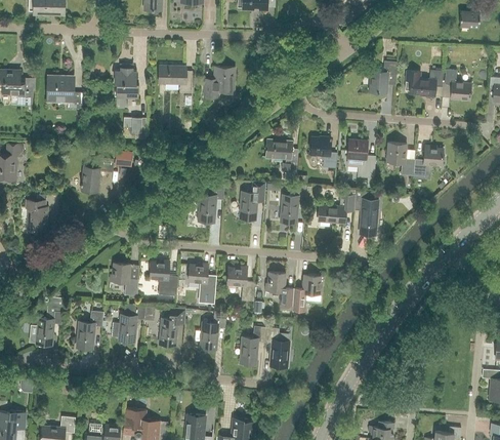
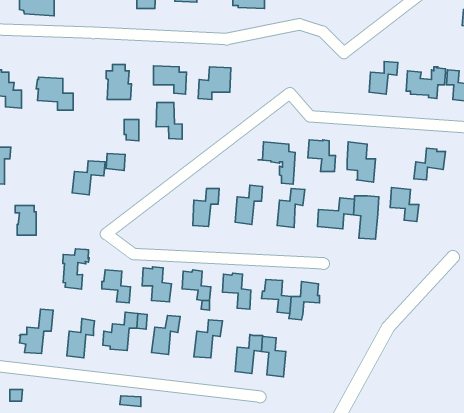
building: none -> [156,103,182,139]
building: [386,143,414,175] -> [390,187,419,221]
building: none -> [63,249,89,289]

